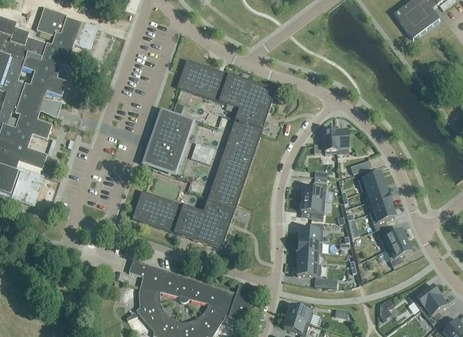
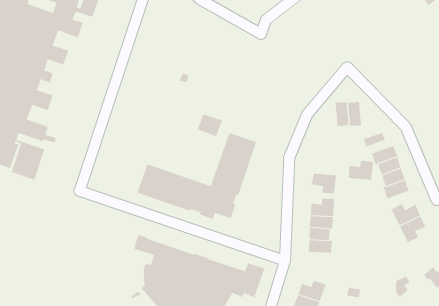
building: [177,59,274,169] -> none
building: [146,113,190,170] -> none
building: [302,182,327,201] -> [348,160,374,180]

